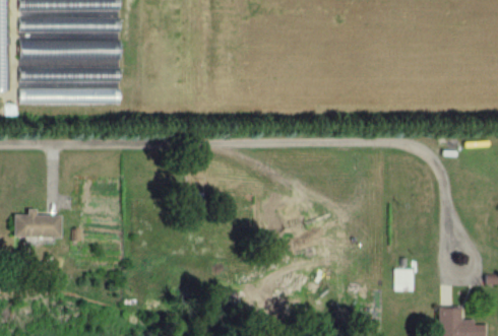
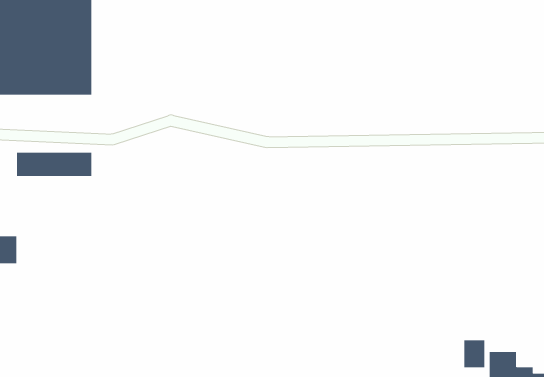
building: none -> [16,152,92,177]
building: [395,268,413,290] -> [463,340,485,368]

